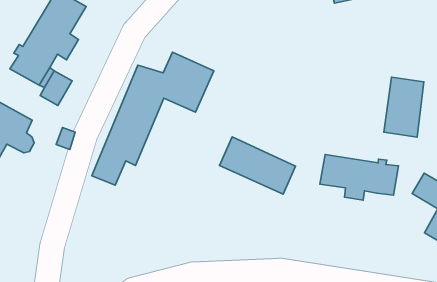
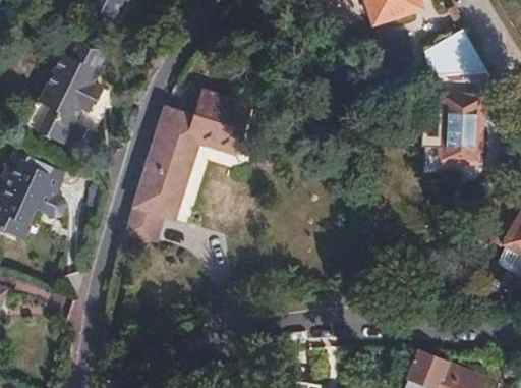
building: none -> [418,30,485,76]
building: [219,137,295,194] -> none
building: [320,155,399,200] -> none

